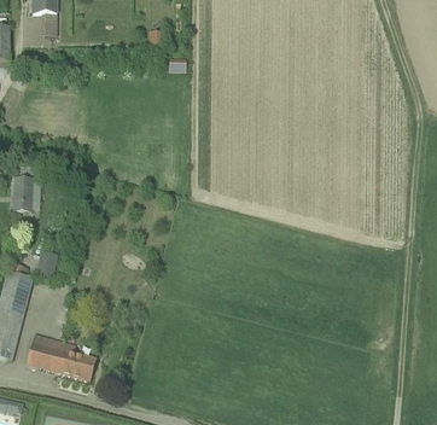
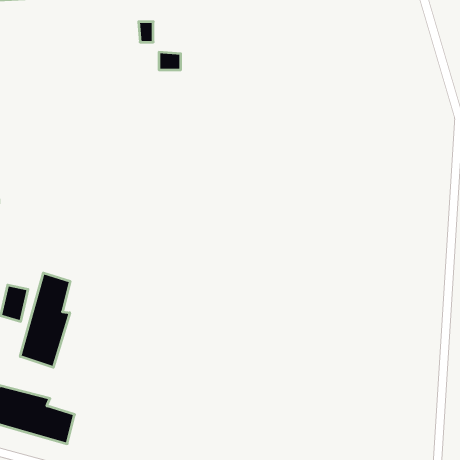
building: none -> [20,273,70,367]

